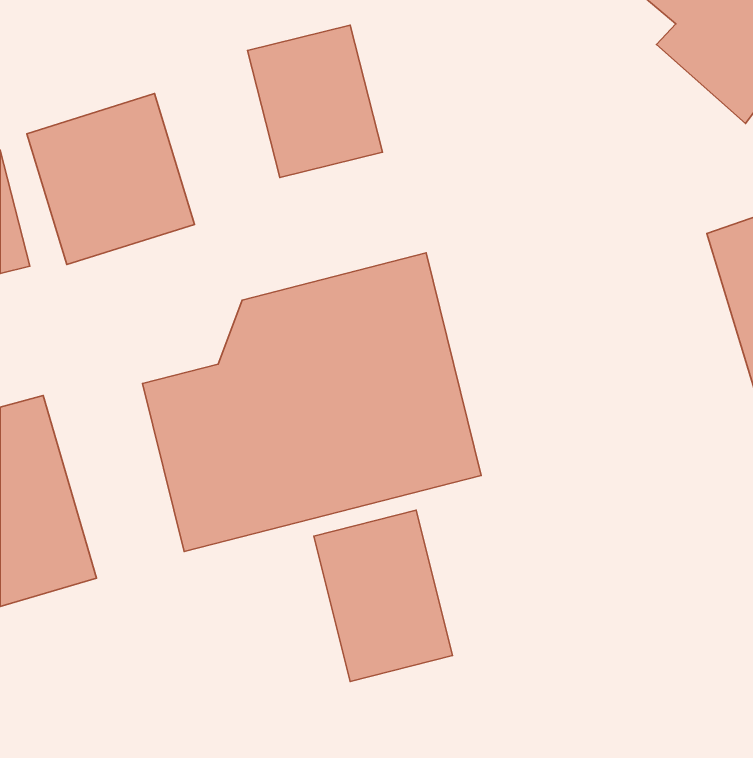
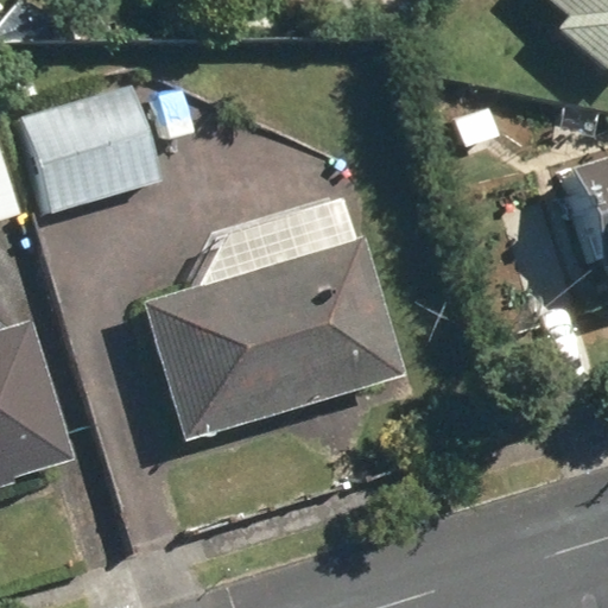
building: [248,25,383,177] -> none
building: [314,510,452,681] -> none

